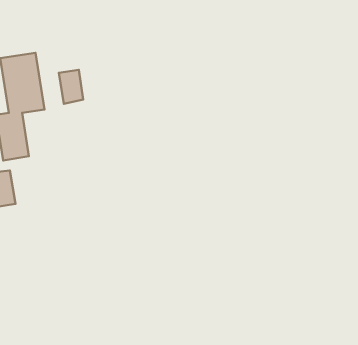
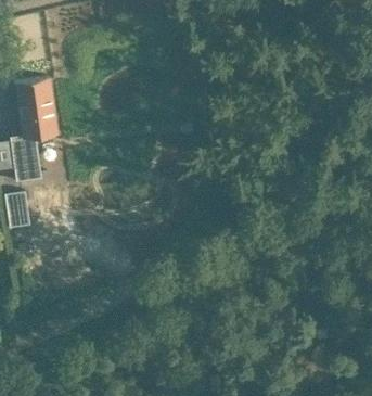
building: [59,70,83,104] -> none

